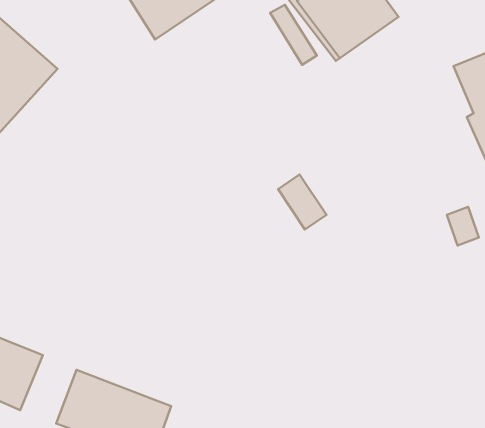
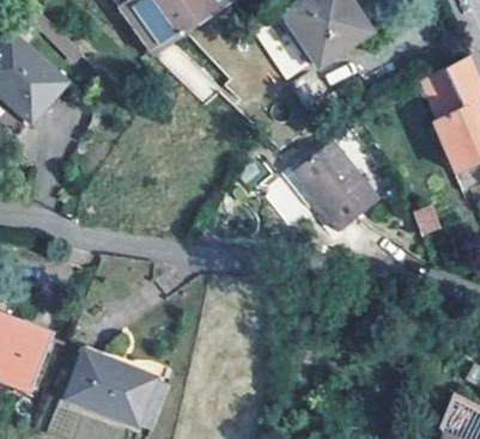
building: none -> [287,135,375,227]

